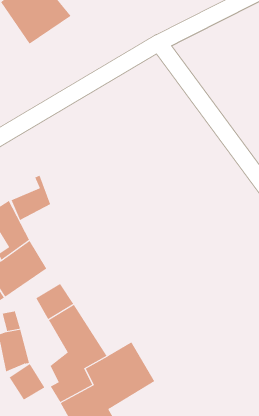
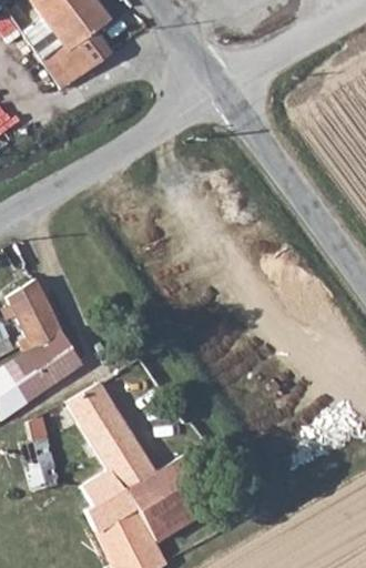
building: [11,175,51,221] -> none
building: [9,363,45,401] -> none

